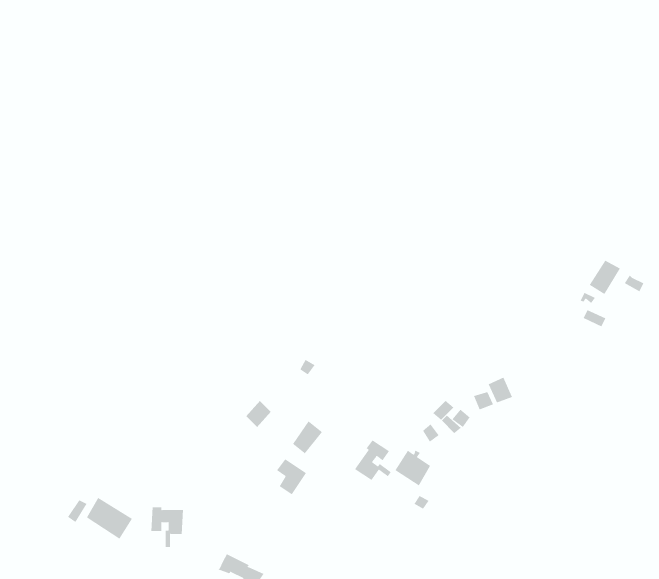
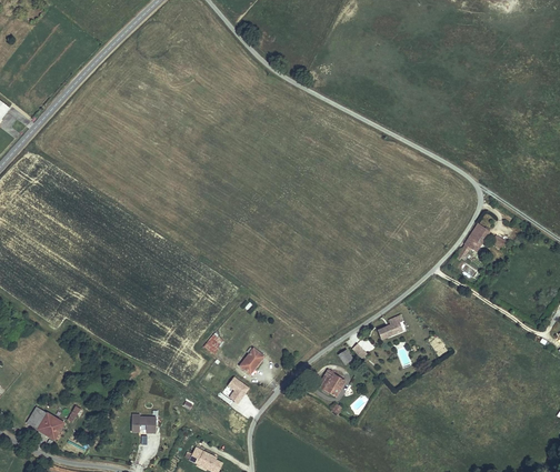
building: [354,439,391,481] -> none
building: [86,497,133,539] -> [30,406,66,439]

